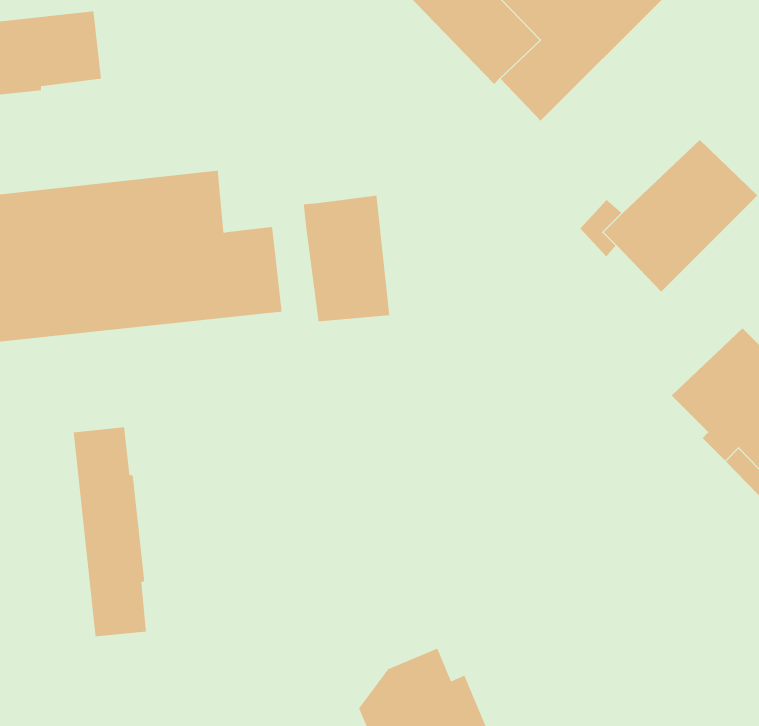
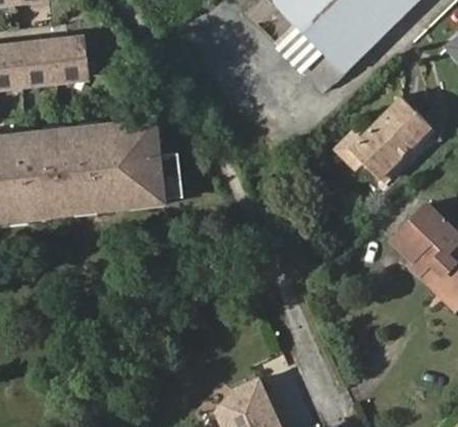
building: [303,195,390,322] -> none
building: [73,427,146,637] -> none

